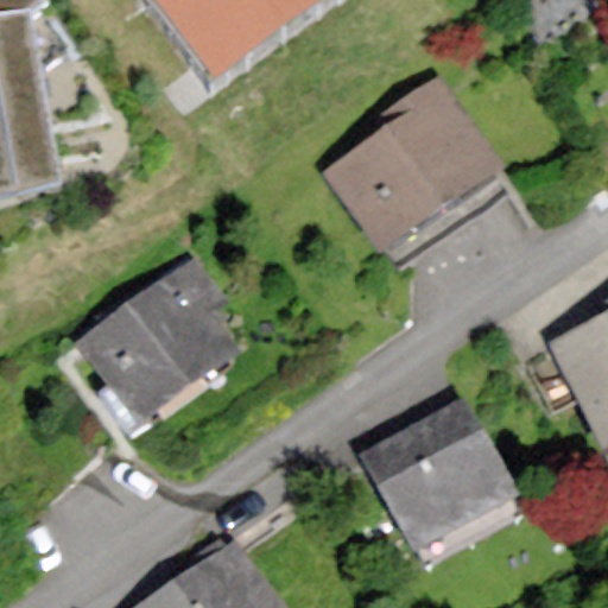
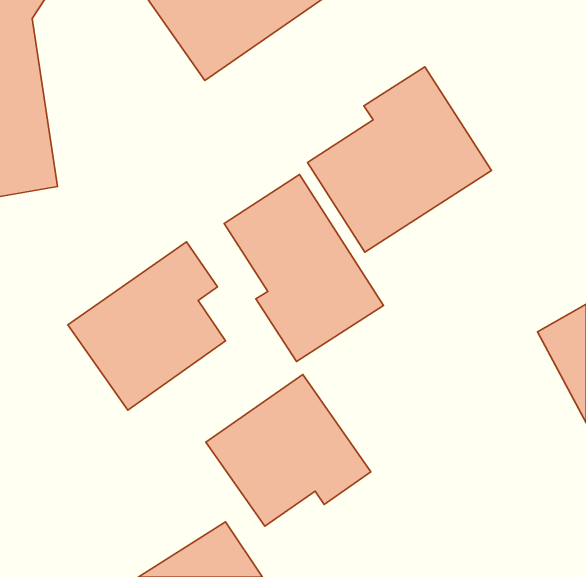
building: none -> [224,175,384,362]
building: none -> [206,375,371,526]
building: [368,406,515,558] -> none

